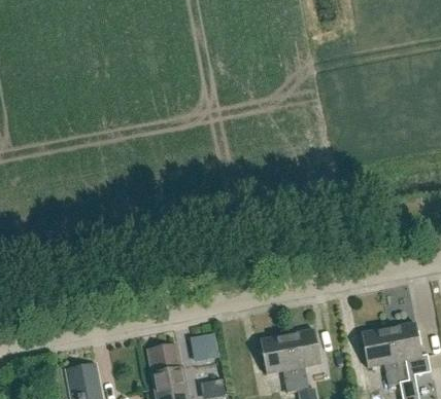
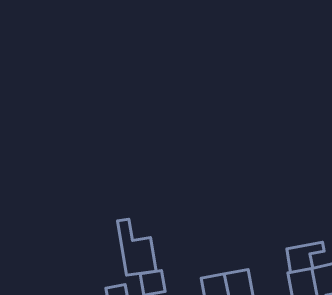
building: none -> [117,219,156,275]
building: none -> [287,242,324,273]

